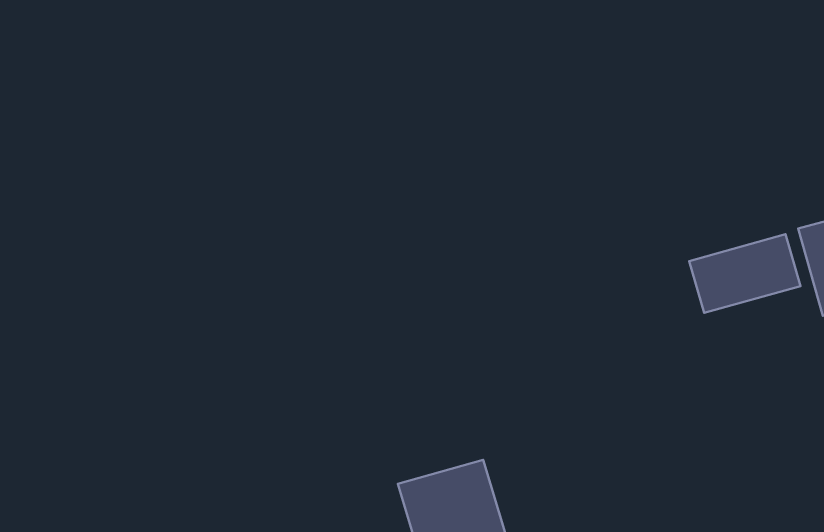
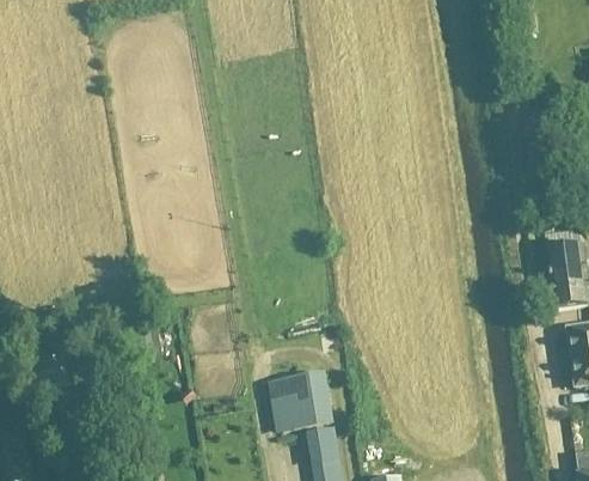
building: [689,234,800,313] -> none

